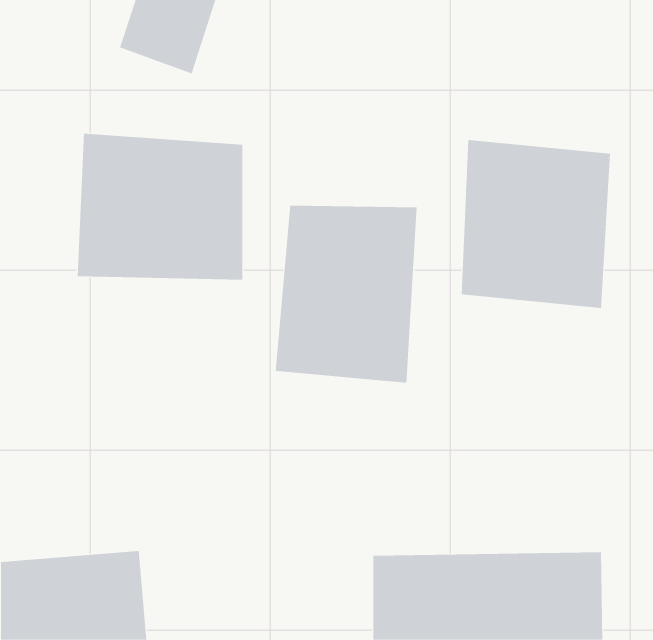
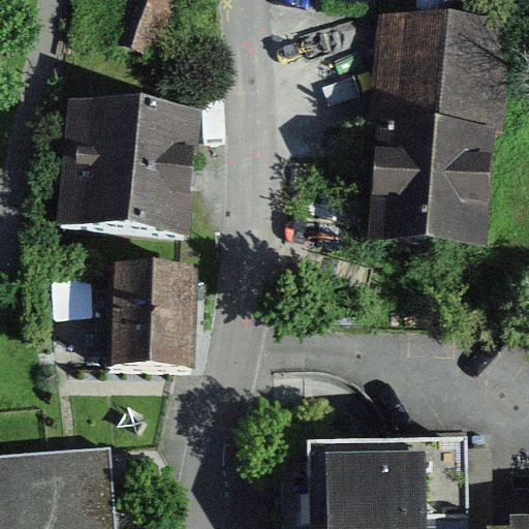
building: none -> [378,21,500,124]
building: [275,205,417,383] -> none
building: none -> [106,264,193,367]

